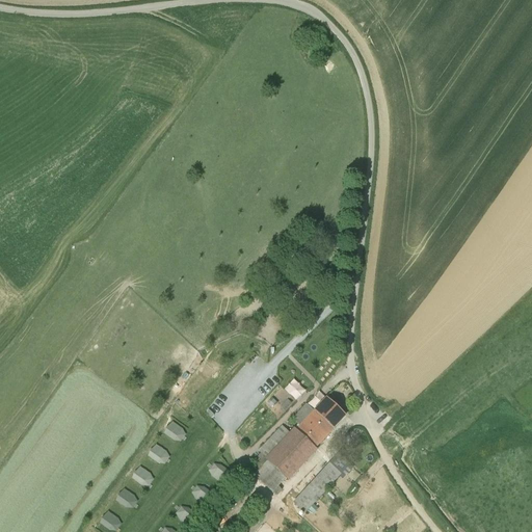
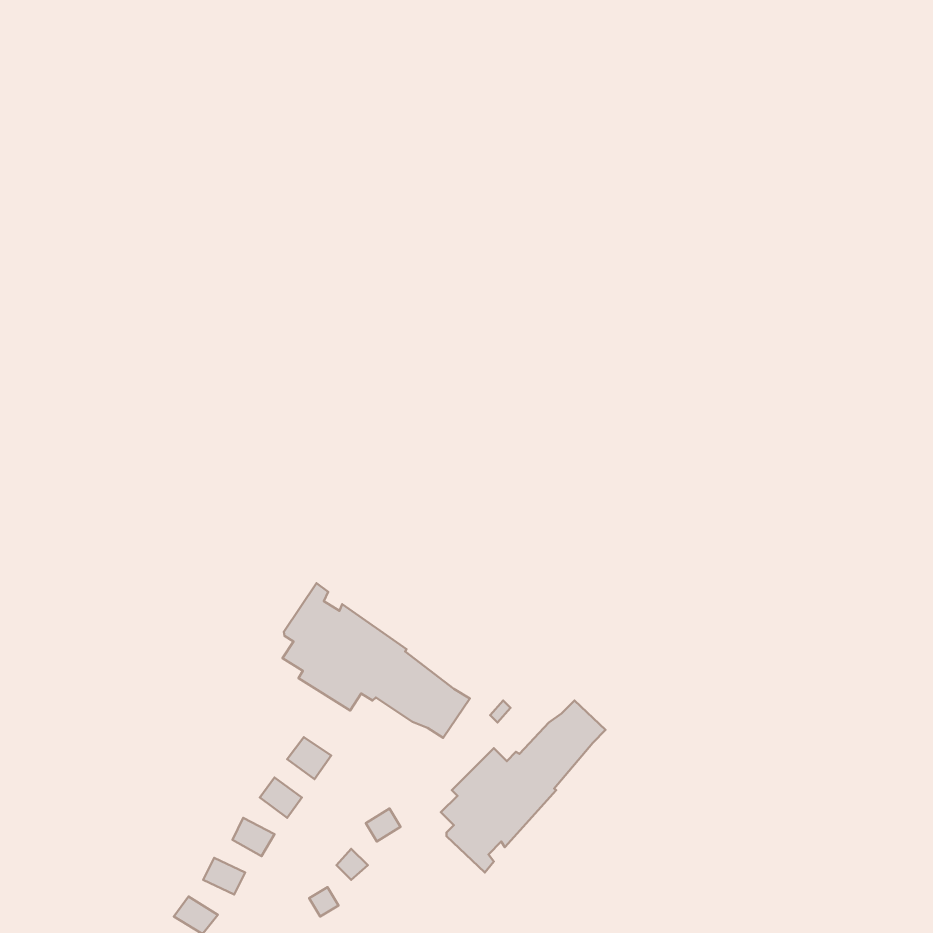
building: none -> [283,583,470,738]
building: [291,462,340,513] -> none

